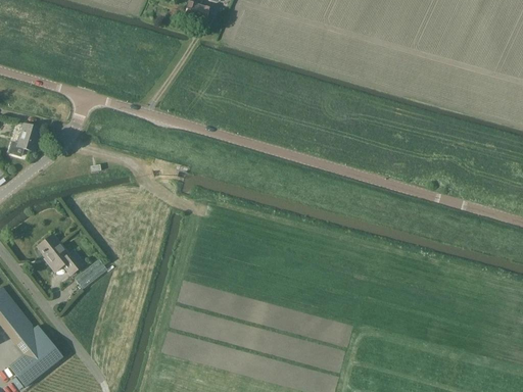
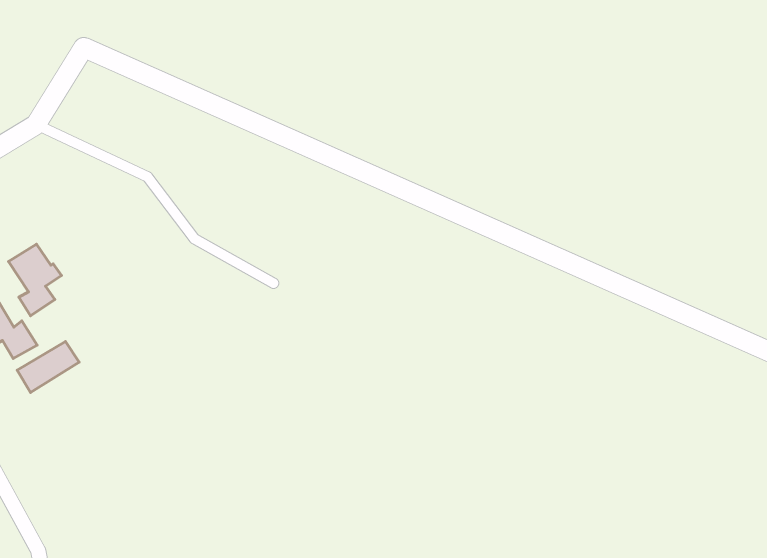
building: none -> [8,244,62,316]

